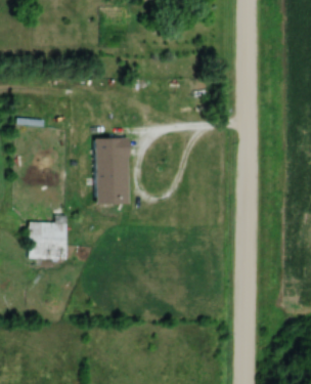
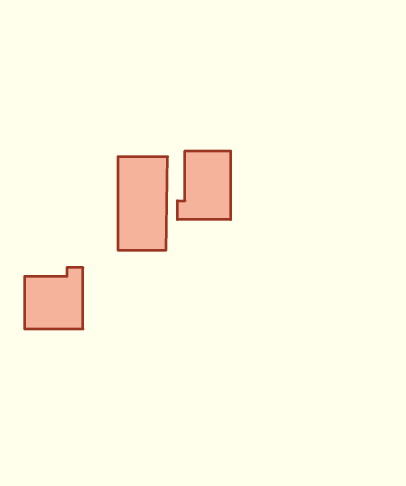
building: none -> [177,151,231,220]

